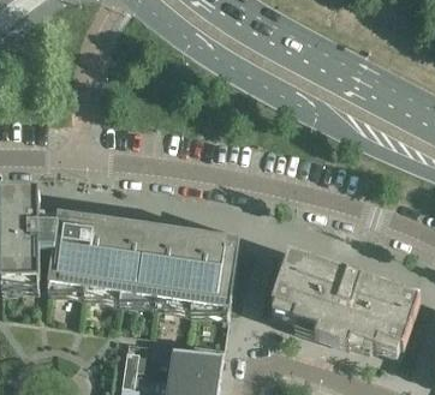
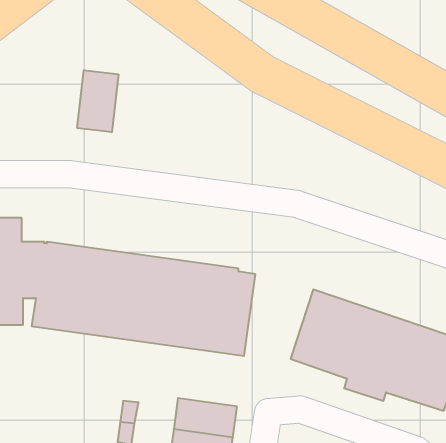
building: none -> [77,70,118,132]

